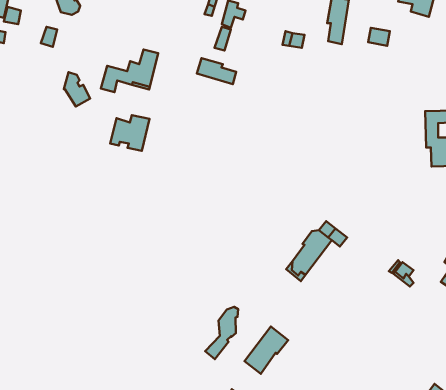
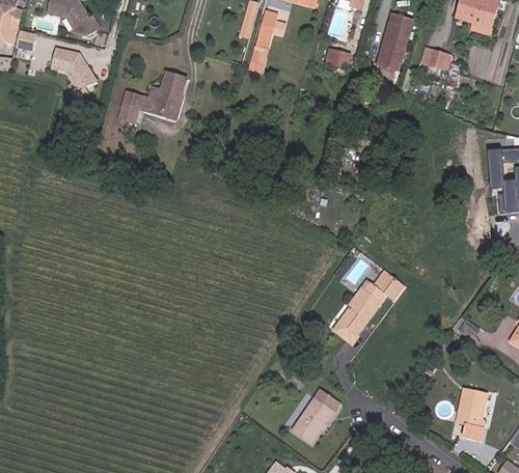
building: [197,58,236,84] -> none
building: [64,72,90,107] -> [66,51,97,90]
building: [110,115,150,151] -> none
building: [205,307,238,359] -> none
building: none -> [456,387,484,433]

